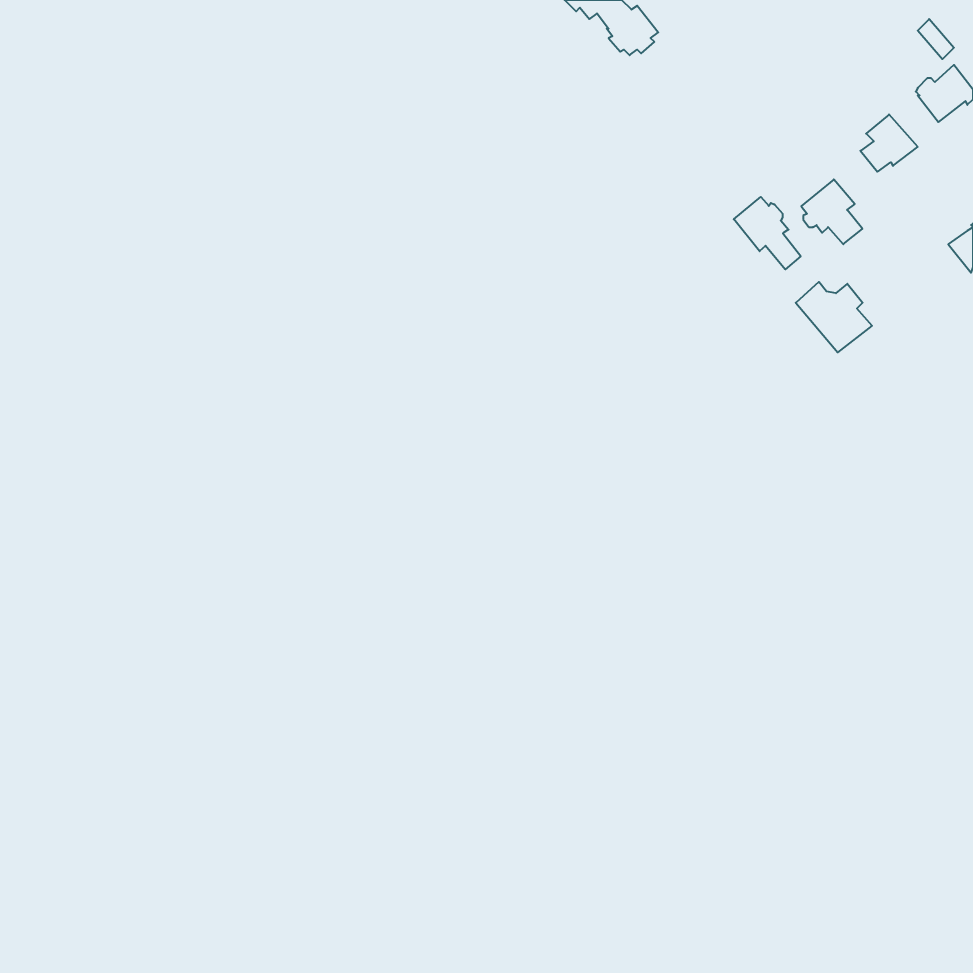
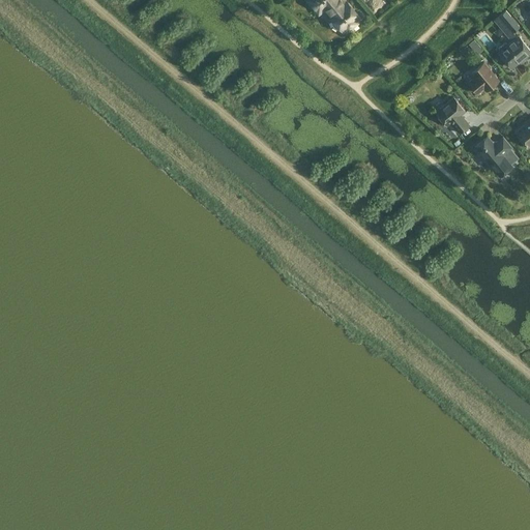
building: [734,197,801,269] -> none
building: [796,282,872,352] -> [474,137,516,175]

